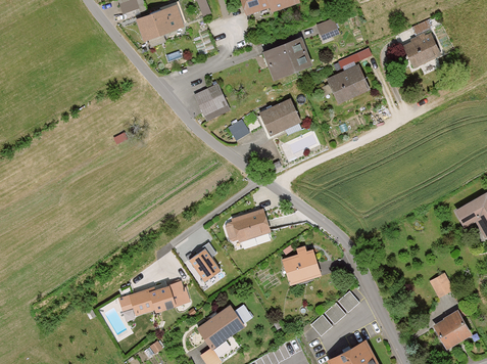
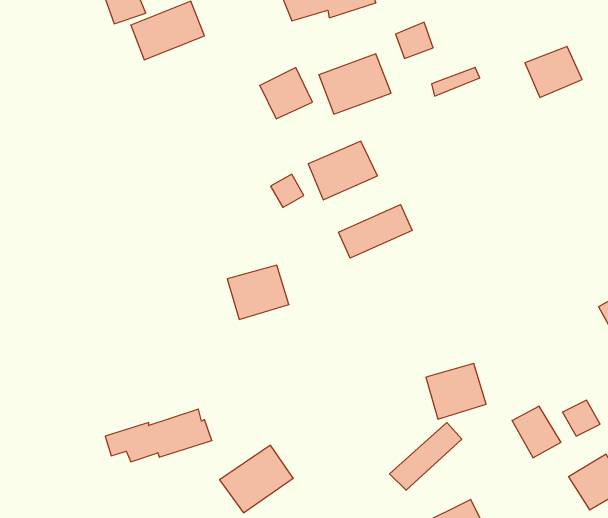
building: [324,64,369,103] -> none
building: [193,85,229,120] -> [260,68,312,119]
building: none -> [338,205,412,258]
building: [234,210,276,246] -> [227,265,289,319]
building: [188,243,222,281] -> none
building: [284,252,325,289] -> [426,364,486,419]
building: none -> [512,406,561,458]

